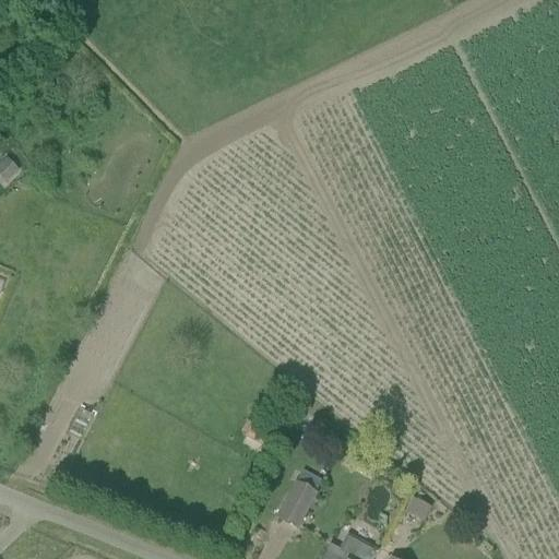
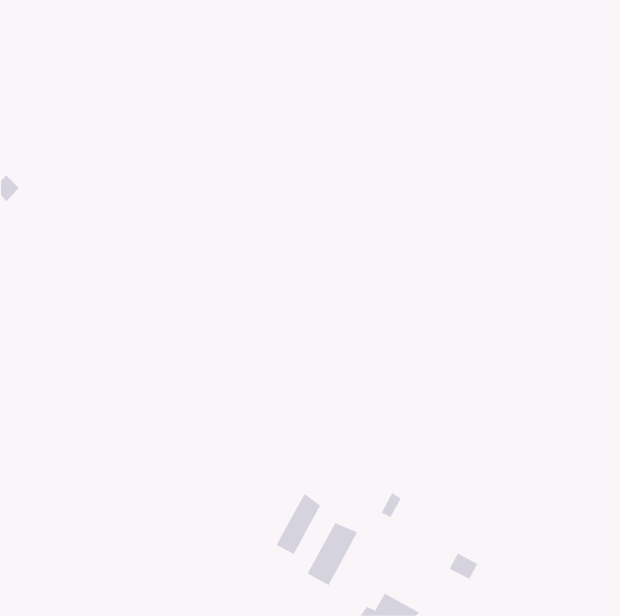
building: none -> [276,493,321,555]

